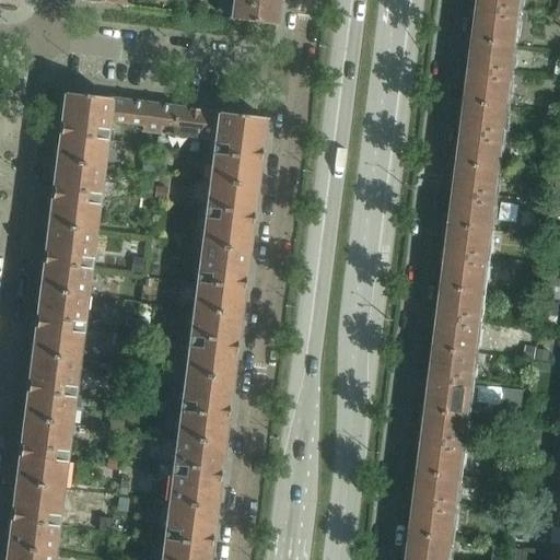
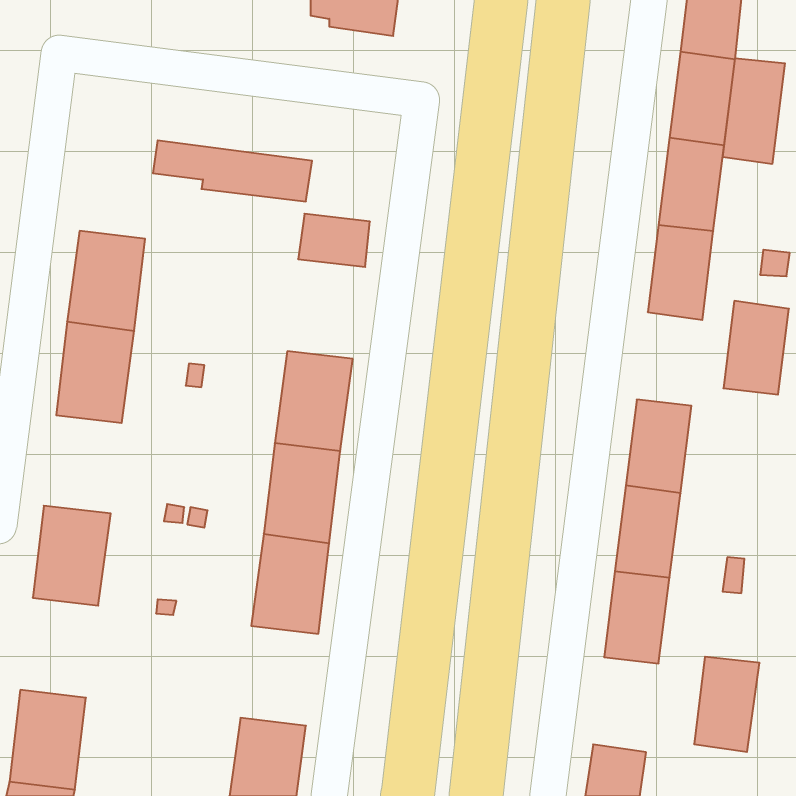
building: none -> [723,58,785,164]
building: [56,93,110,167] -> none
building: [213,113,265,155] -> none
building: [201,182,256,252] -> none
building: [446,219,492,284] -> [723,301,789,395]
building: [31,291,85,360] -> none
building: [14,419,69,489] -> none
building: [168,439,223,509] -> none
building: [416,460,462,527] -> [694,657,760,752]

